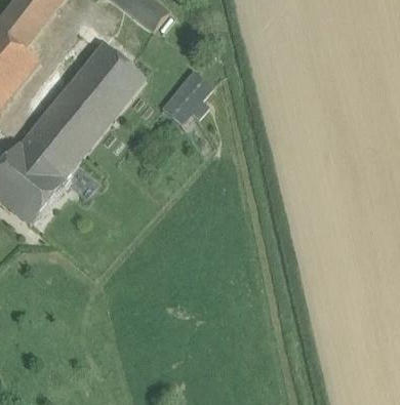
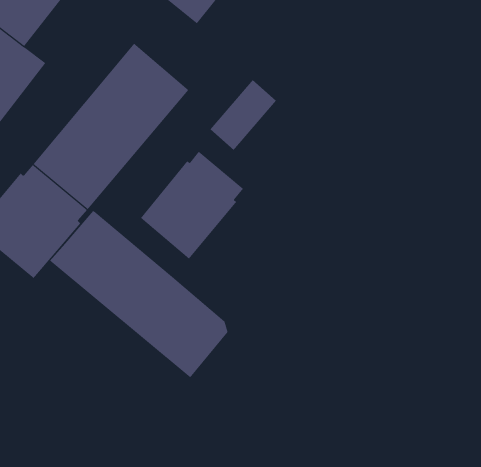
building: none -> [140,151,244,259]
building: none -> [49,211,228,378]

